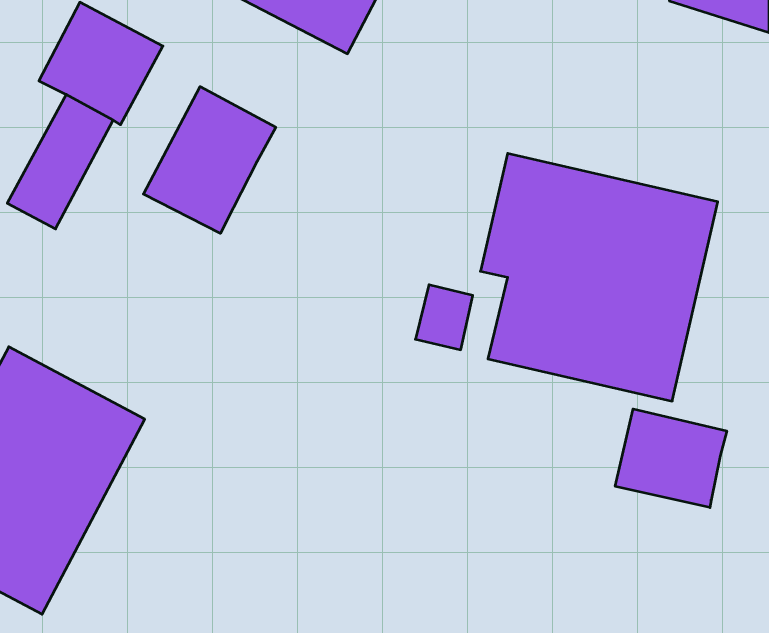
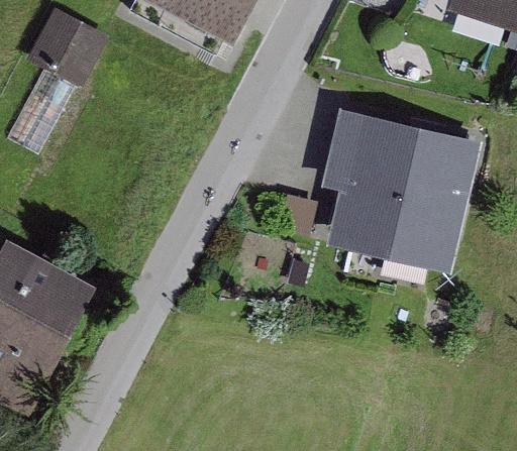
building: [143,87,276,233] -> none
building: [615,409,727,508] -> none

